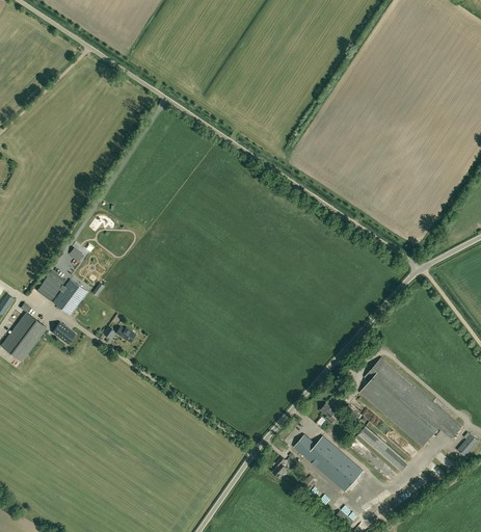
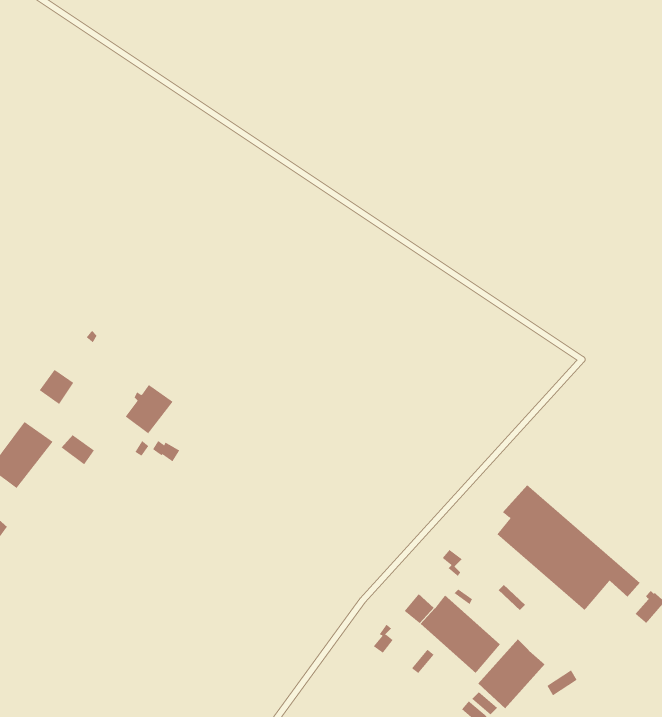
building: [54,280,88,315] -> [125,384,173,434]
building: none -> [478,639,545,709]

